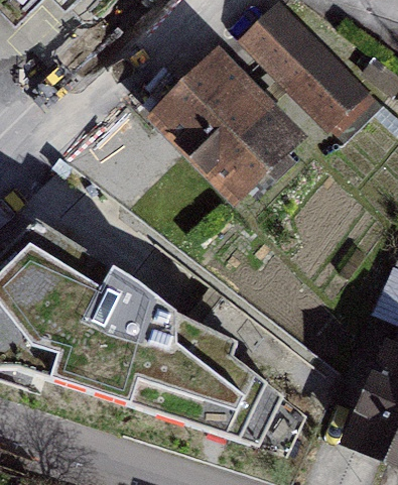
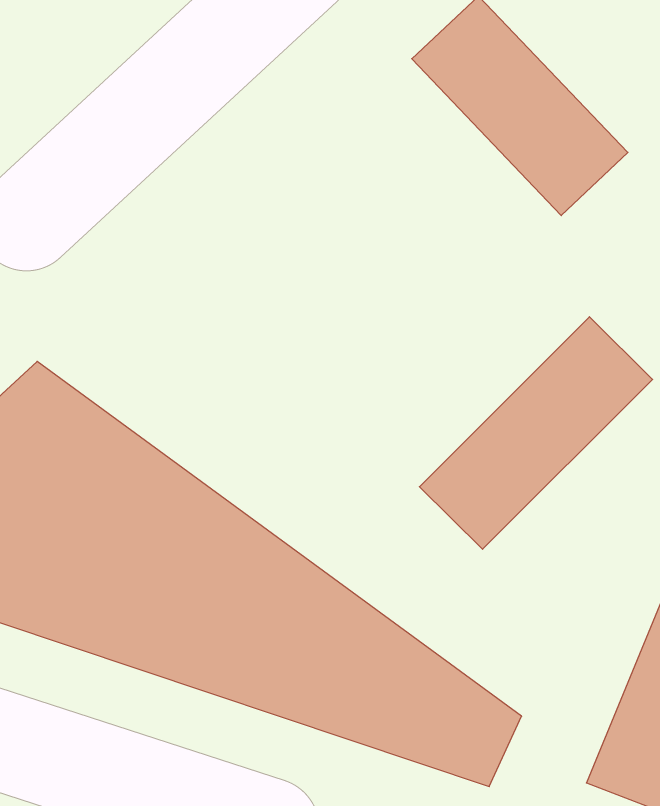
building: [160,55,301,196] -> none
building: none -> [419,317,653,549]

